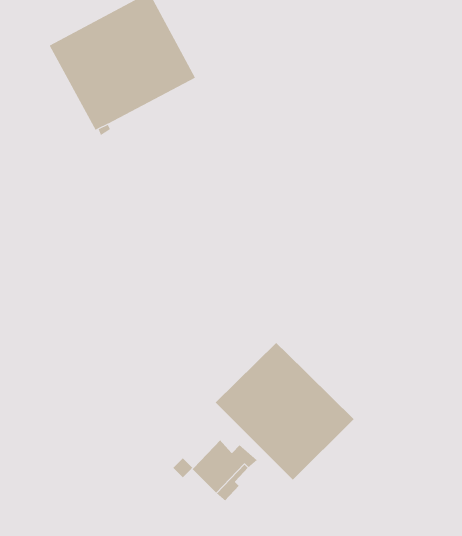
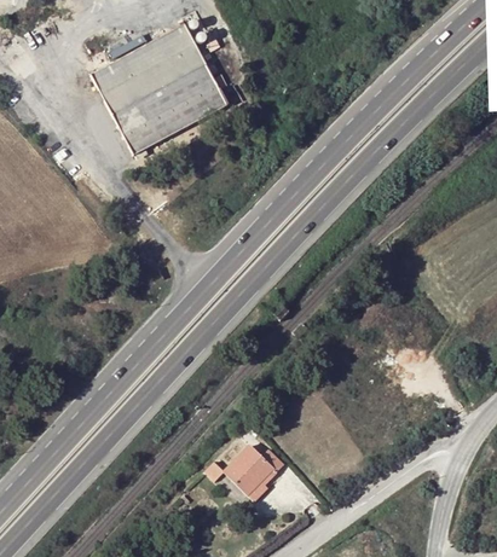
building: [215,342,354,481] -> none

